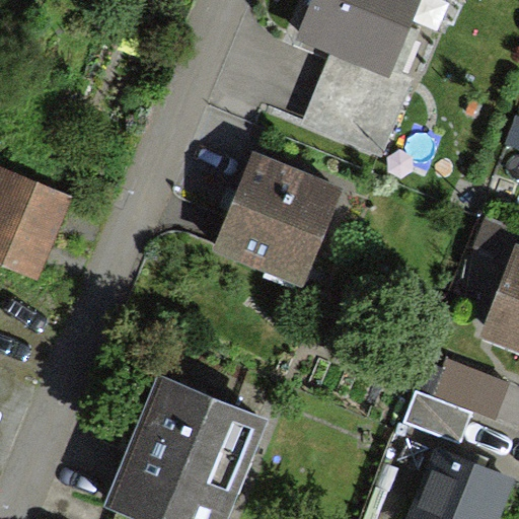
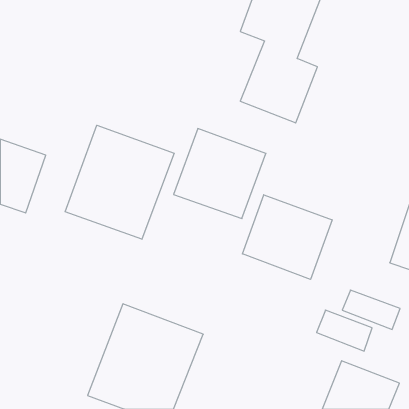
building: none -> [65,125,174,239]
building: none -> [242,195,332,279]

